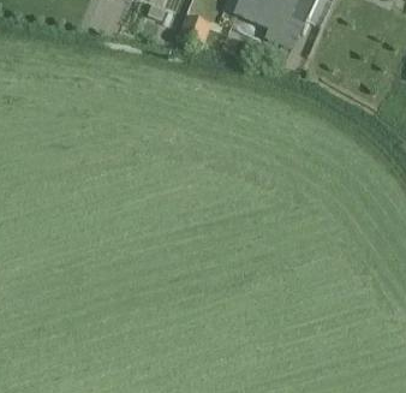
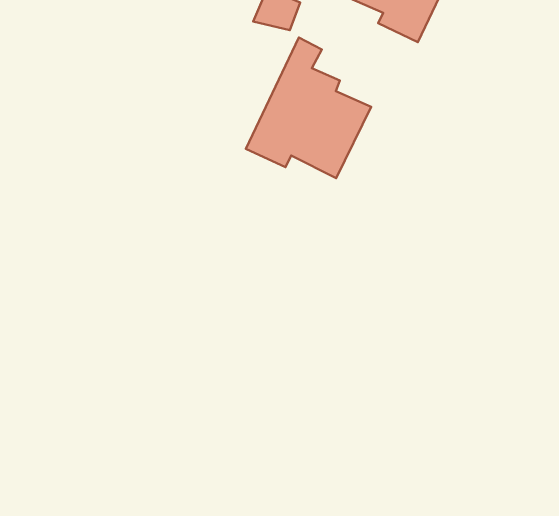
building: none -> [246,37,371,178]

